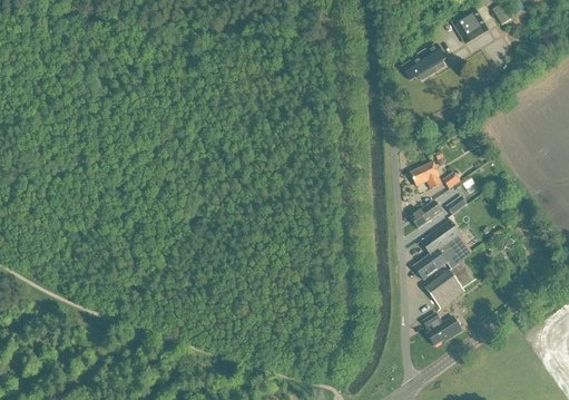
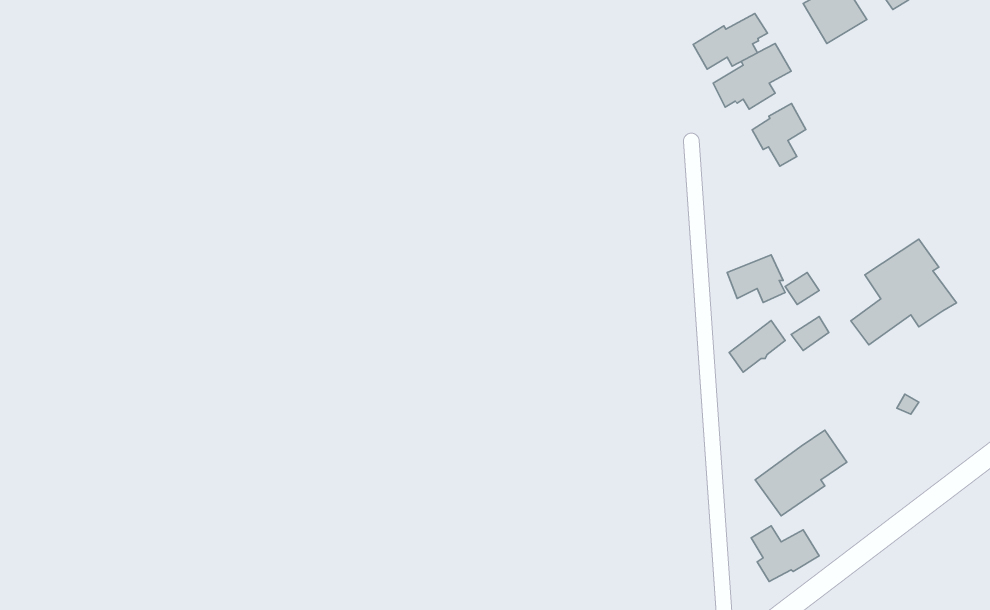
building: none -> [693,13,768,69]
building: none -> [752,104,806,166]
building: [413,219,472,279] -> [851,239,957,345]

